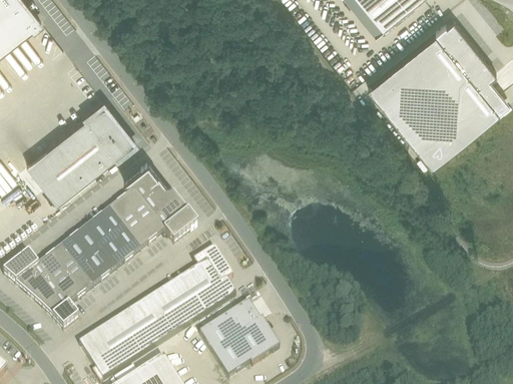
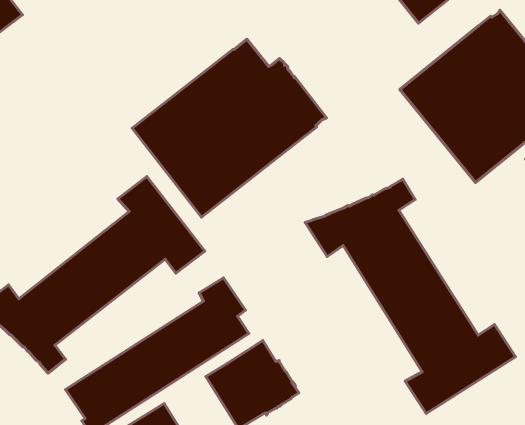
building: none -> [132,39,327,217]
building: [24,102,132,203] -> none
building: none -> [305,179,516,413]

